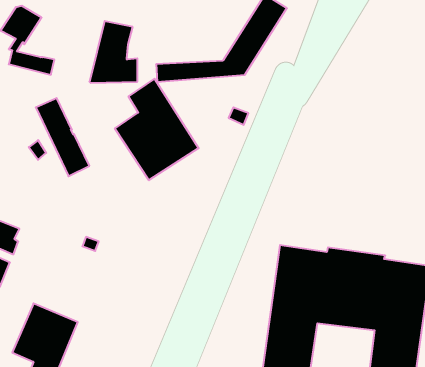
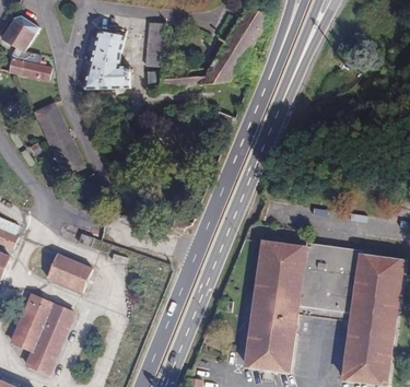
building: none -> [144,22,165,66]
building: [115,79,199,180] -> none
building: none -> [47,253,92,292]

